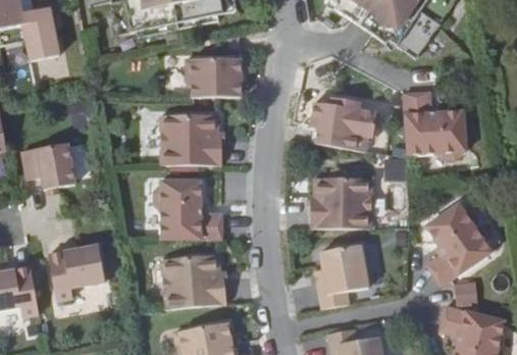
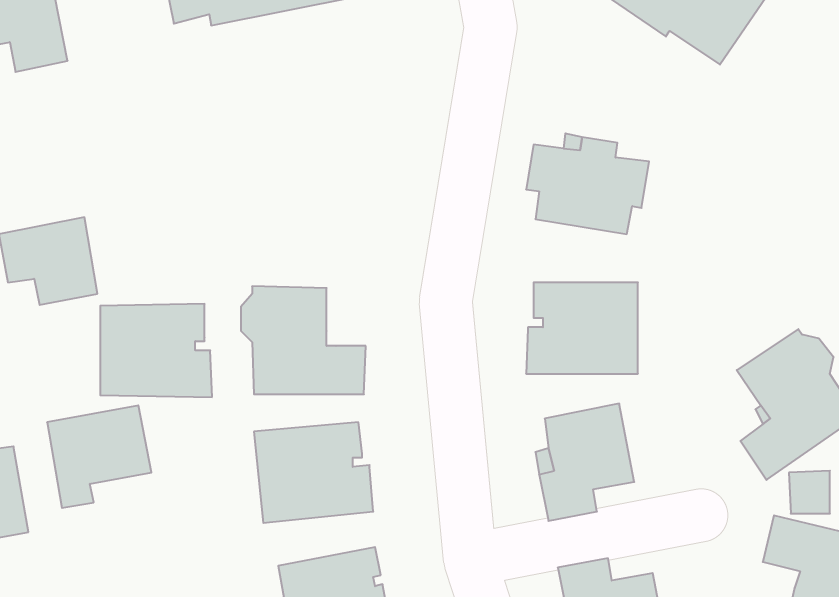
building: [186,57,242,96] -> none
building: [404,91,466,157] -> none
building: [161,113,222,164] -> [100,304,212,397]

